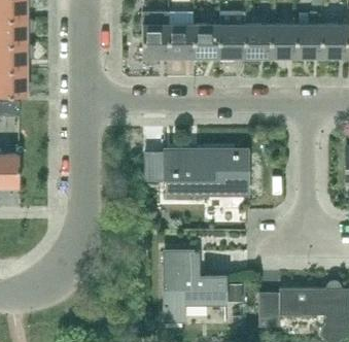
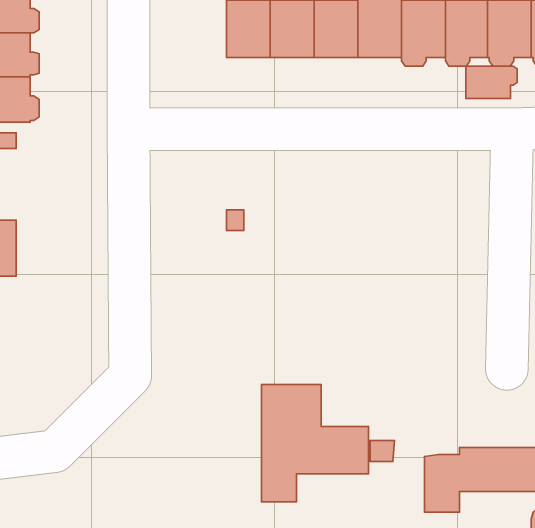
building: none -> [466,66,517,99]
building: [163,148,247,196] -> none

